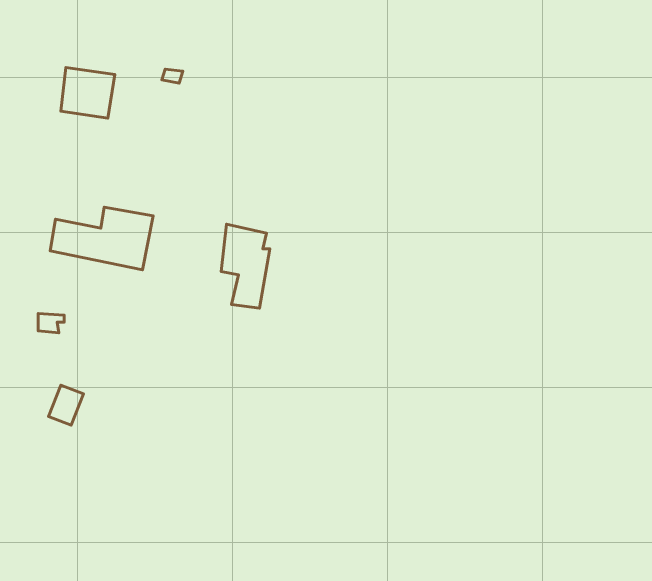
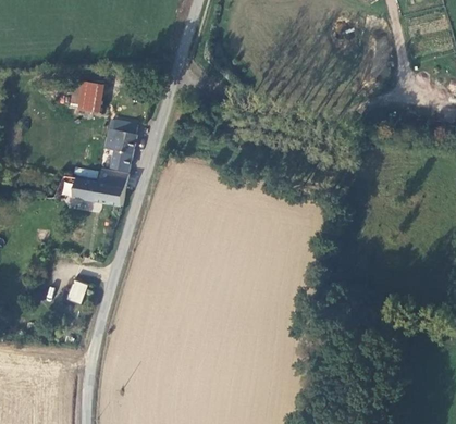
building: [221,224,270,308] -> [106,117,136,170]

